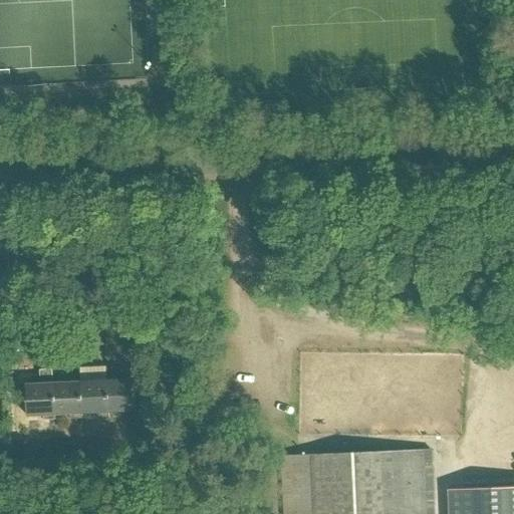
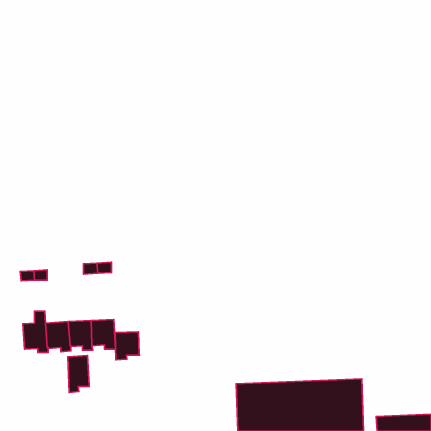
building: none -> [115,332,139,360]
building: none -> [68,356,89,393]

